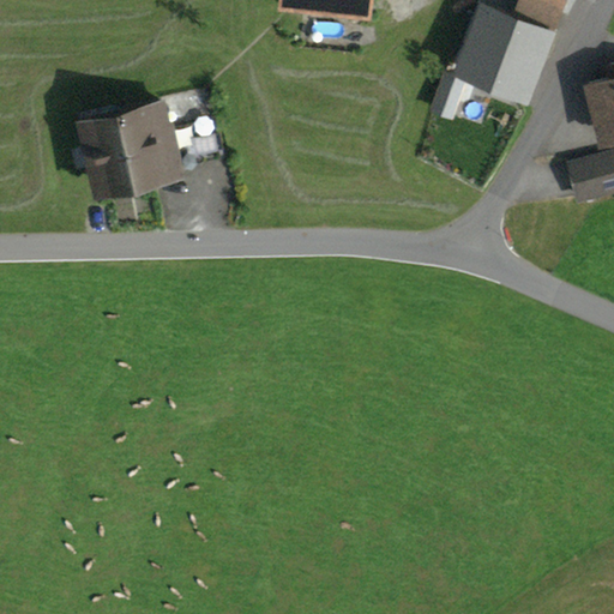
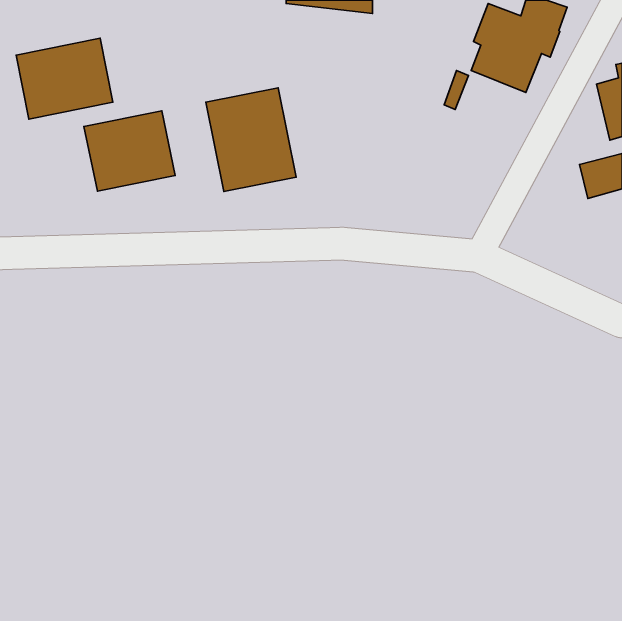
building: none -> [16,38,113,119]
building: none -> [206,88,296,192]

